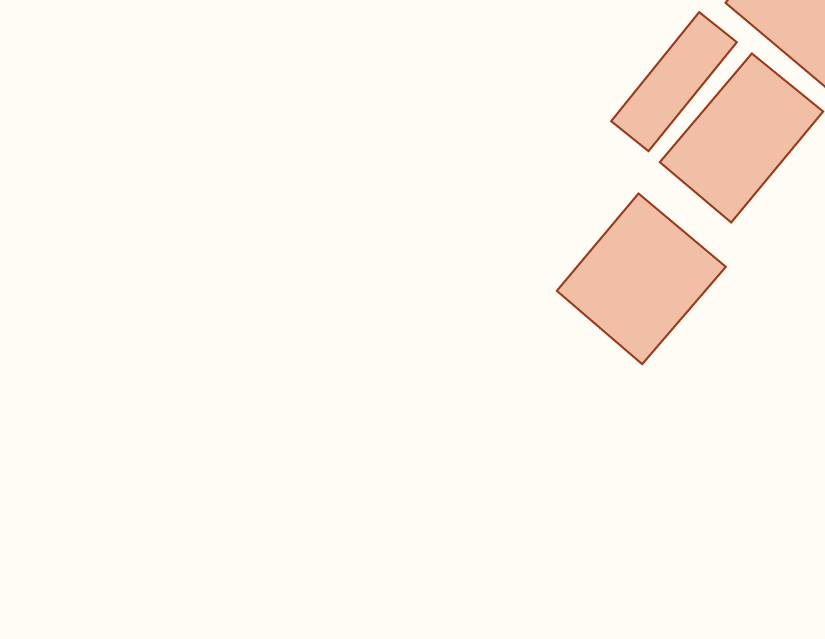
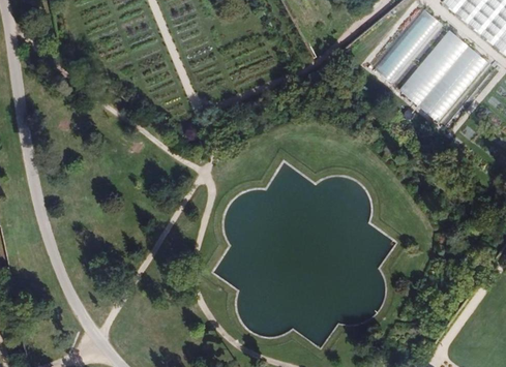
building: [557,193,726,364] -> none

